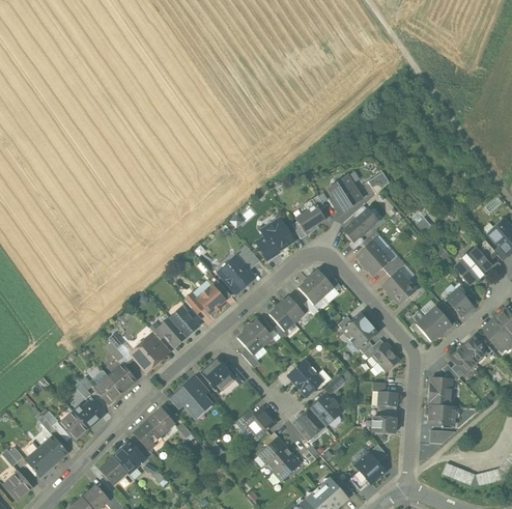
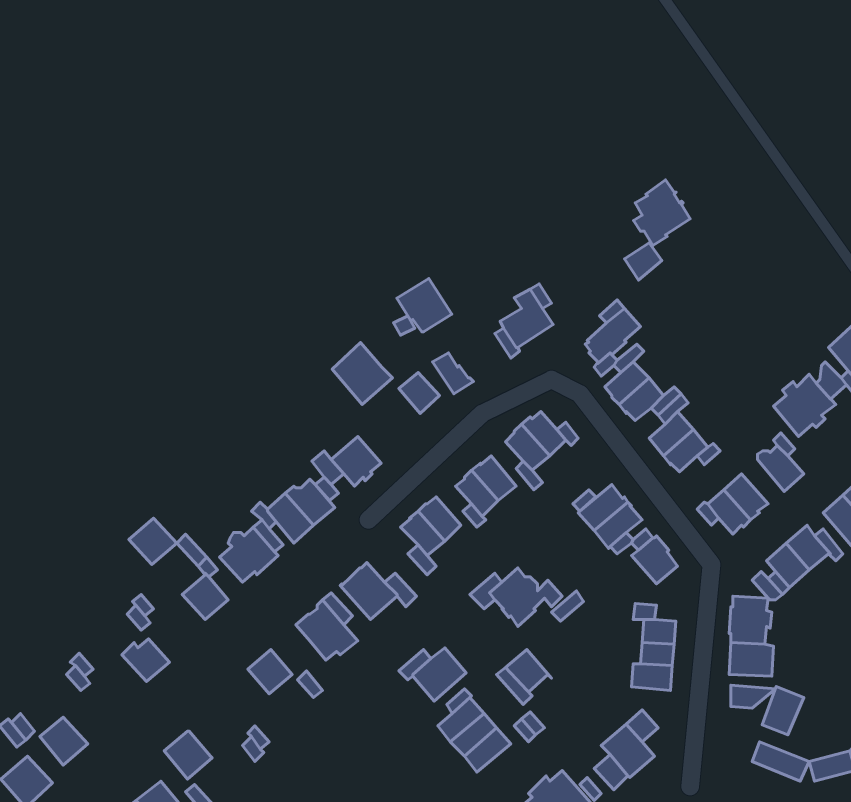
building: [329,175,362,214] -> [633,180,690,246]
building: [262,219,294,250] -> [397,279,452,332]
building: [220,256,255,292] -> [332,342,392,405]
building: [95,376,123,403] -> [129,518,177,564]
building: [311,394,341,425] -> none
building: [60,412,89,440] -> none
building: [134,420,161,449] -> none
building: none -> [762,686,804,735]
building: [40,435,68,463] -> none
building: [114,444,142,471] -> none

